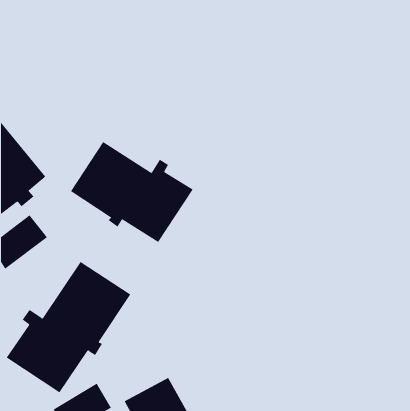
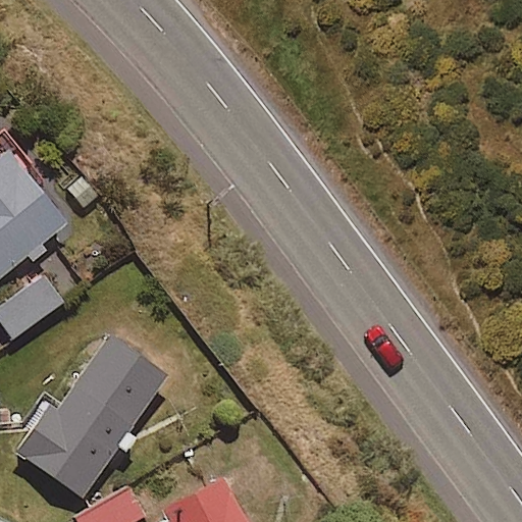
building: [70,141,193,243] -> none

